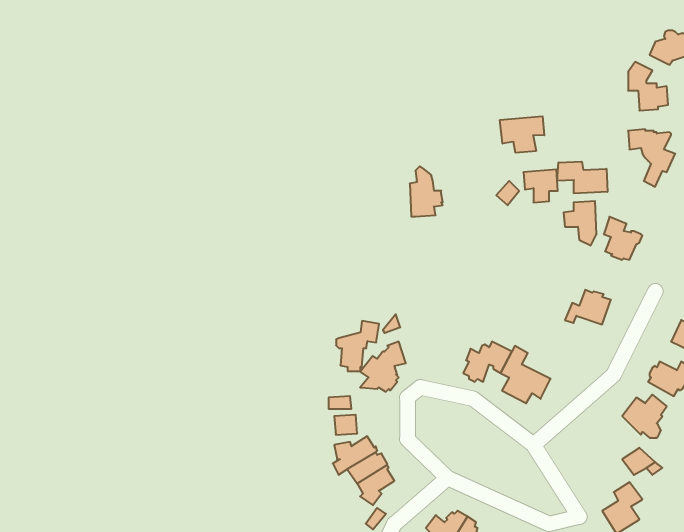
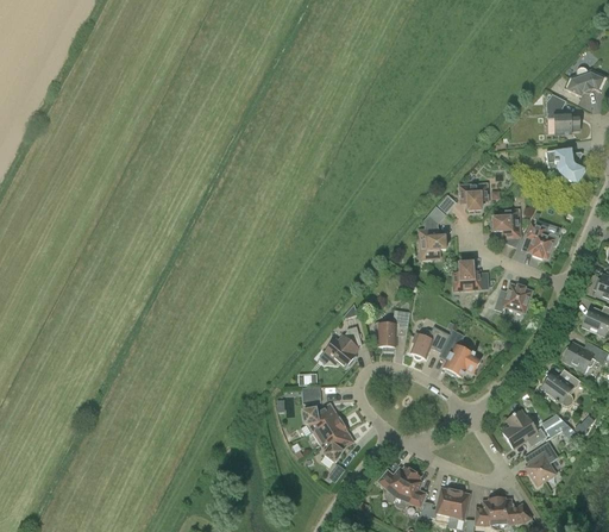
building: [500,116,544,153] -> none
building: [557,162,607,193] -> none
building: [410,166,443,217] -> [419,215,446,257]
building: none -> [453,262,488,289]
building: [336,321,379,371] -> [373,308,409,350]
building: none -> [502,408,545,446]

